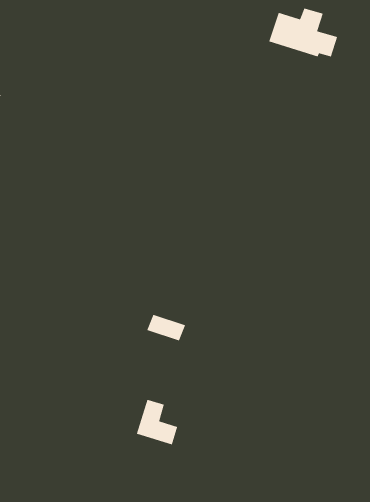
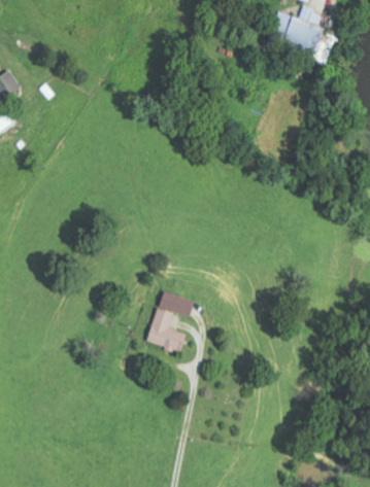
building: [136,399,178,445] -> [145,309,184,352]

